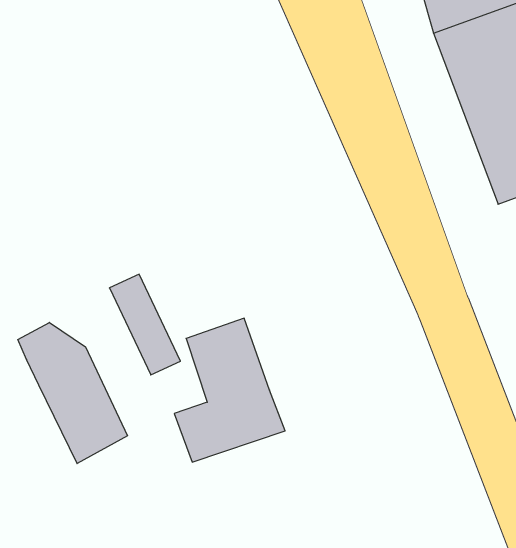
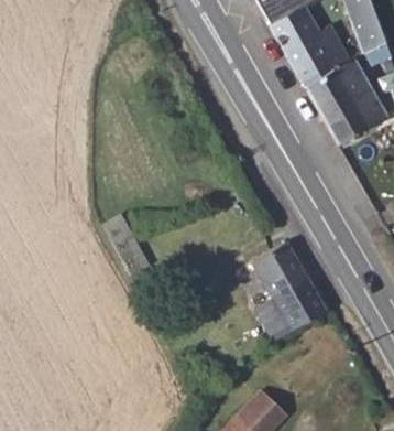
building: [174,318,285,462] -> [254,255,322,346]
building: [18,322,128,464] -> none

